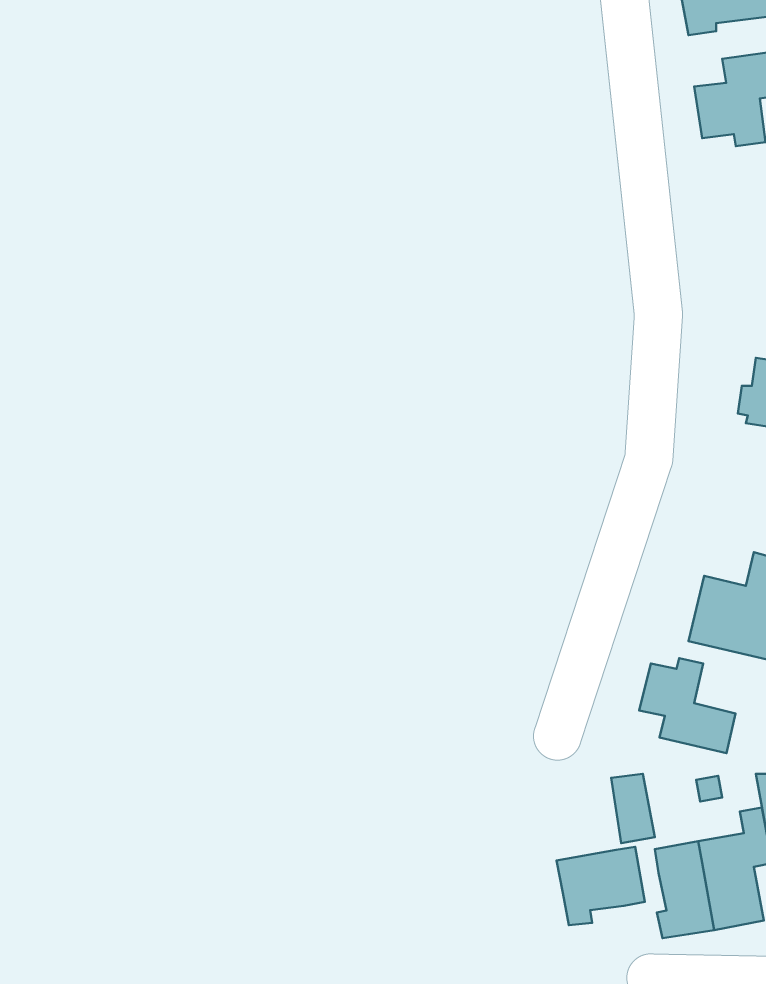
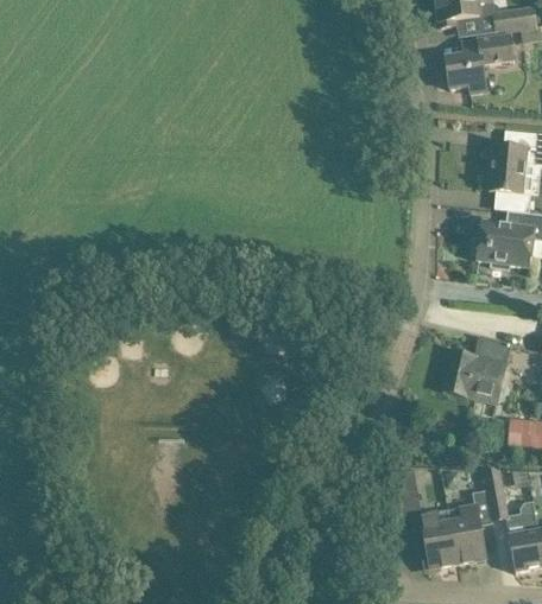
building: [639,658,736,753] -> none
building: [556,847,645,925] -> none

